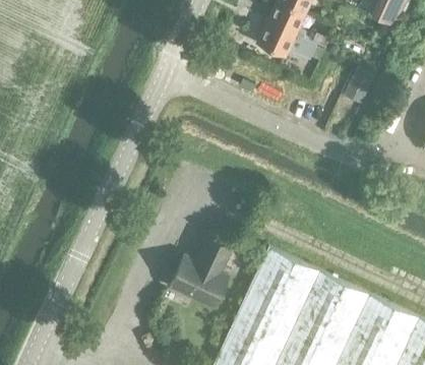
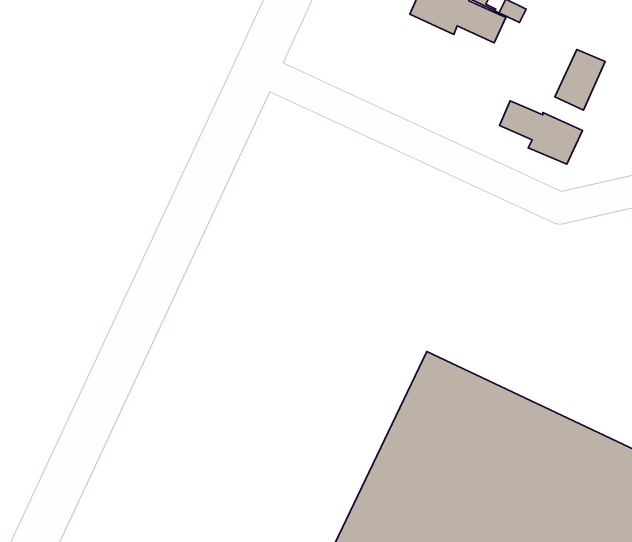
building: none -> [500,101,583,164]
building: [170,238,231,307] -> none

